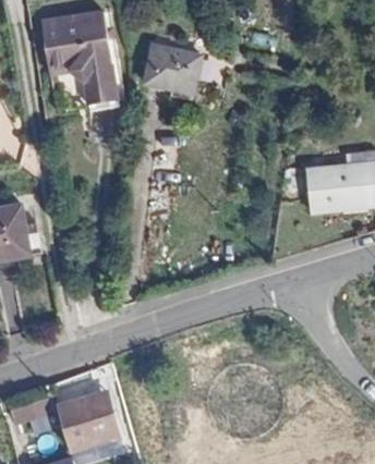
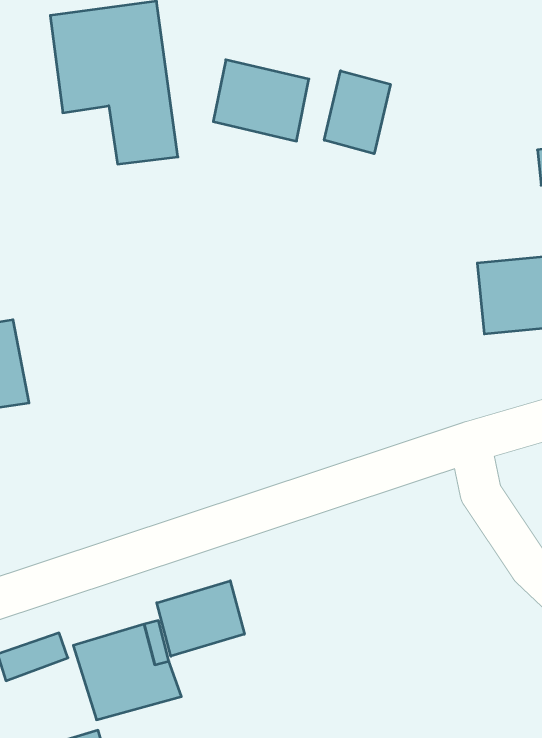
building: none -> [324,71,390,154]
building: none -> [157,581,244,656]

